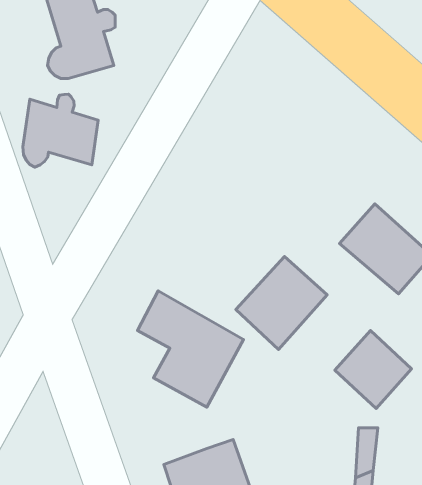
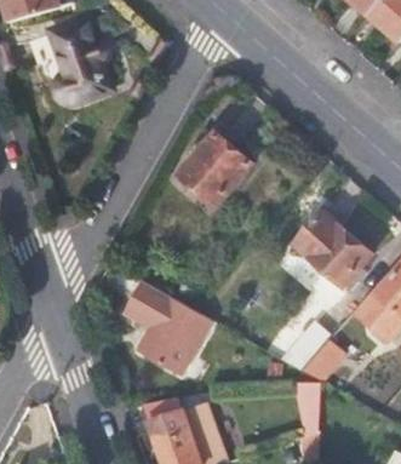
building: [23,94,98,167] -> none
building: [236,257,327,349] -> [188,143,263,219]

